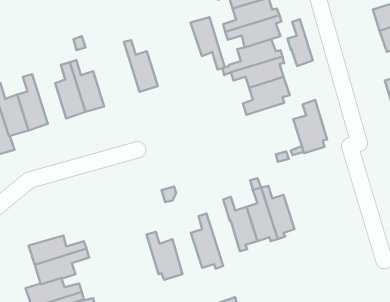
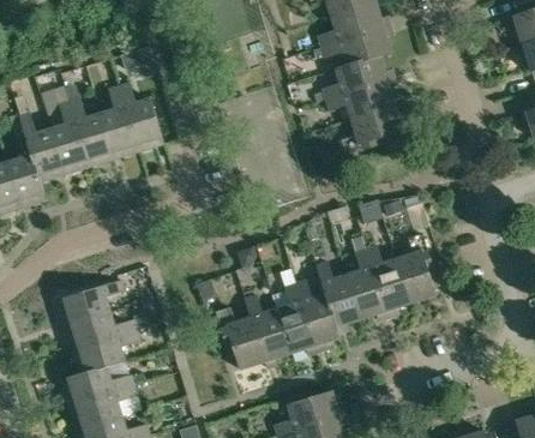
building: [191,17,225,69] -> none
building: [287,19,313,66] -> none
building: [124,40,158,92] -> [68,98,113,166]
building: [293,100,327,153] -> [395,233,439,302]
building: none -> [55,278,125,324]
building: none -> [295,280,341,350]
building: none -> [245,295,289,367]

